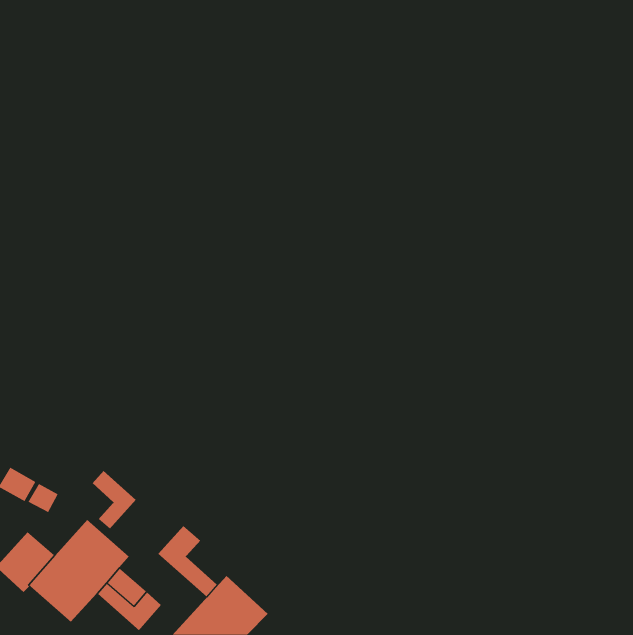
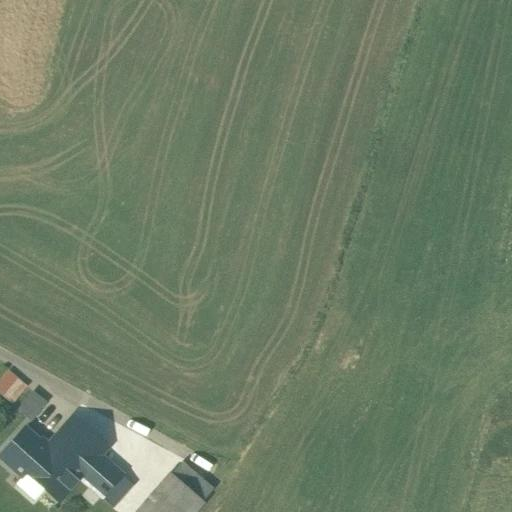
building: [92,470,137,529] -> none
building: [157,525,217,597] -> none

